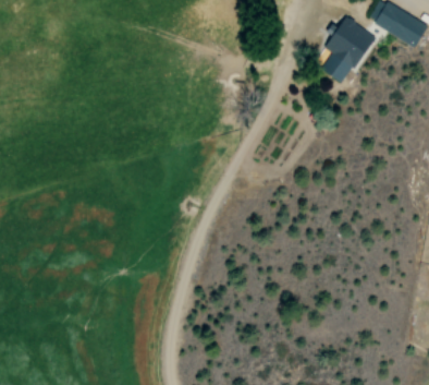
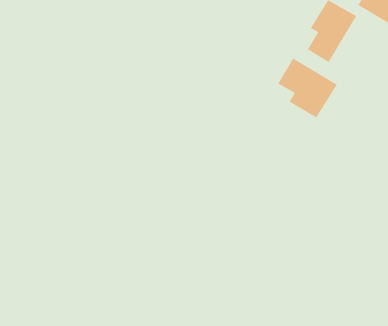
building: none -> [277,57,338,118]

